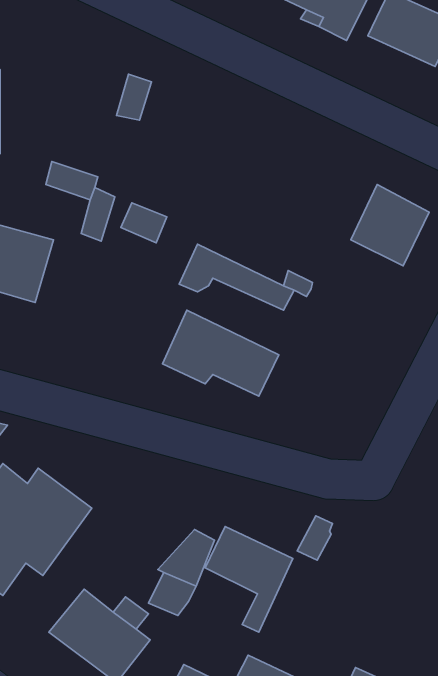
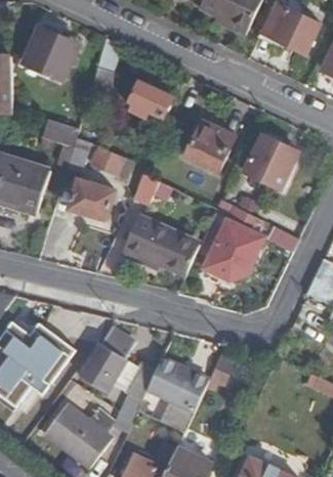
building: none -> [24,27,77,79]
building: none -> [133,82,173,116]
building: none -> [185,121,235,171]
building: none -> [68,178,115,218]
building: none -> [203,209,264,287]
building: none -> [81,333,135,395]

